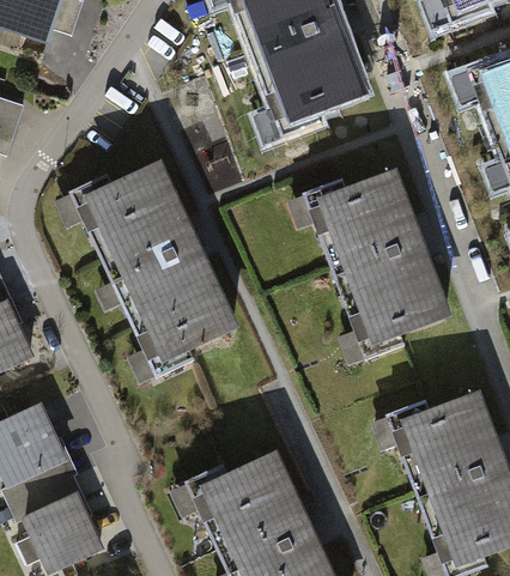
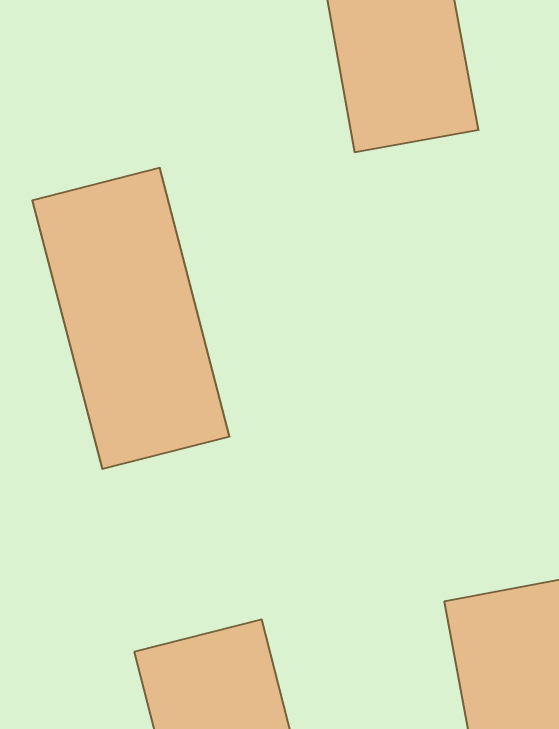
building: [314,169,451,351] -> none

